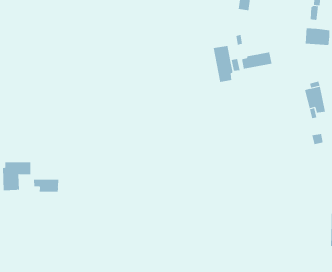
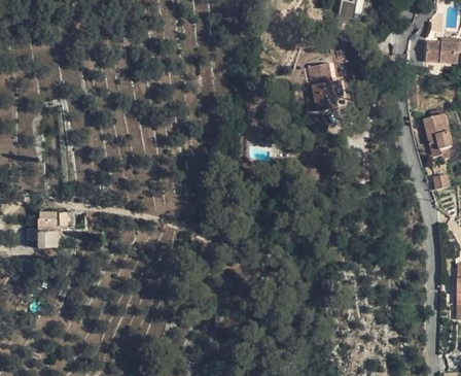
building: [242,51,272,70] -> none
building: [33,179,59,193] -> none

